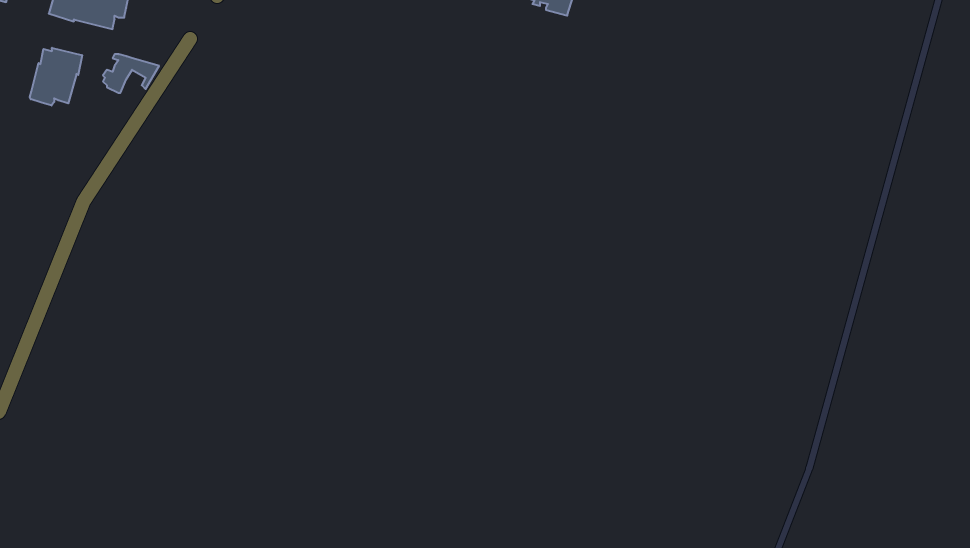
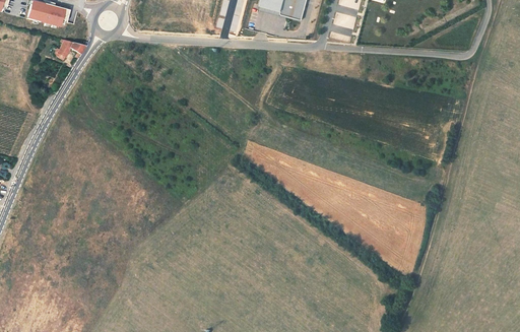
building: [30,48,82,106] -> none

